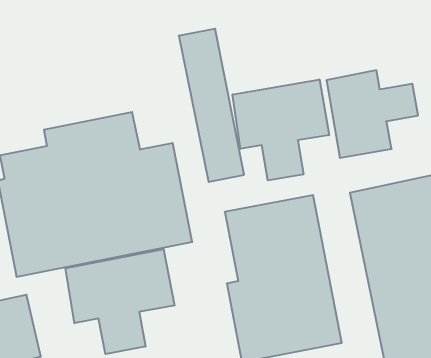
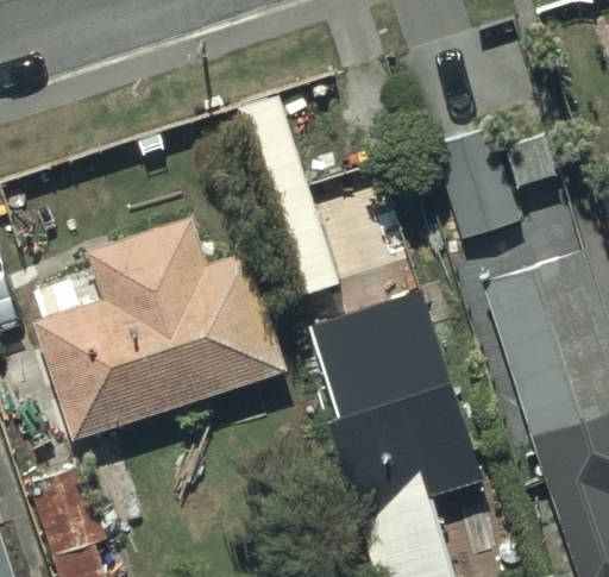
building: [233,79,329,180] -> none
building: [66,249,174,354] -> none

